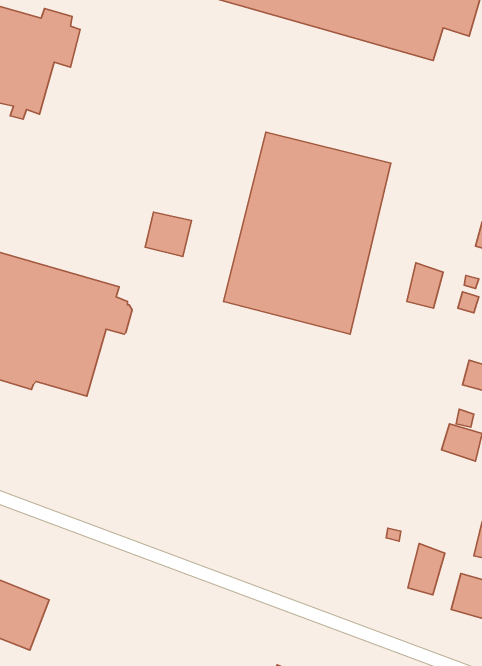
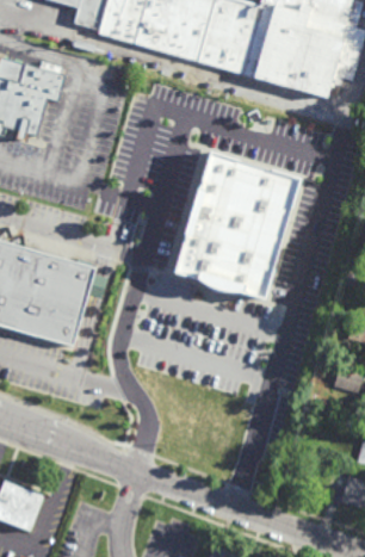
building: [145,212,192,256] -> none
building: [407,263,443,308] -> none
building: [408,544,445,595] -> none

